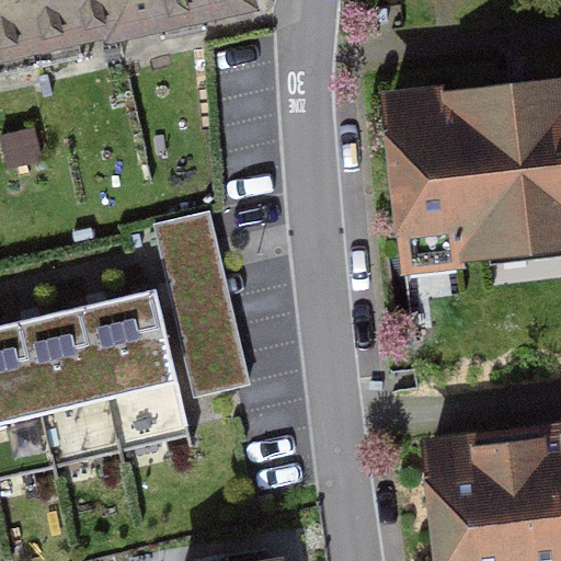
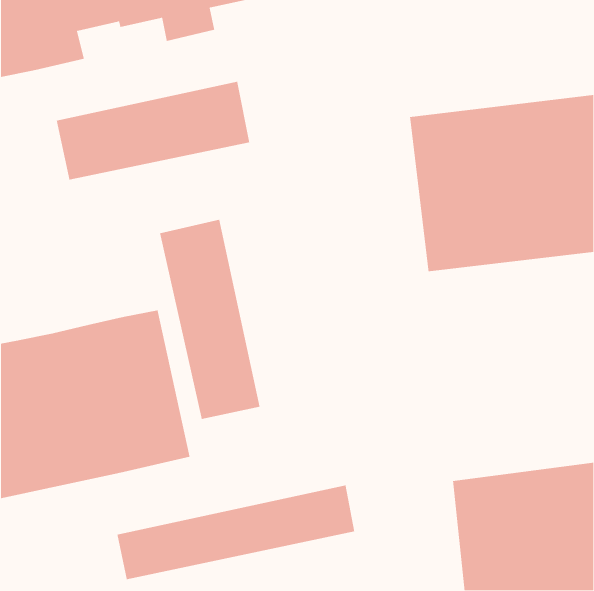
building: none -> [56,81,250,181]
building: none -> [116,485,355,580]

